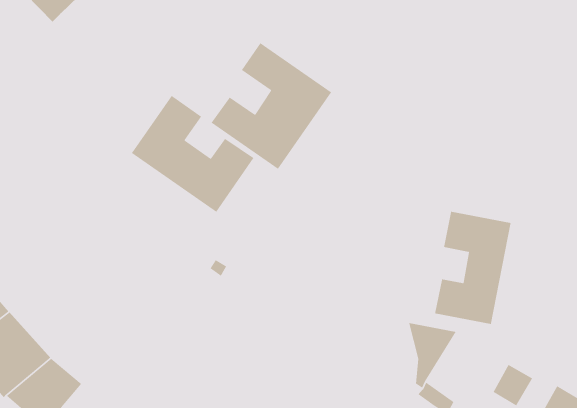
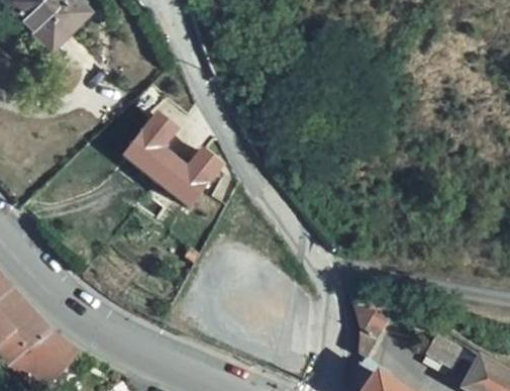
building: [211,42,332,170] -> none
building: [434,211,511,325] -> none

